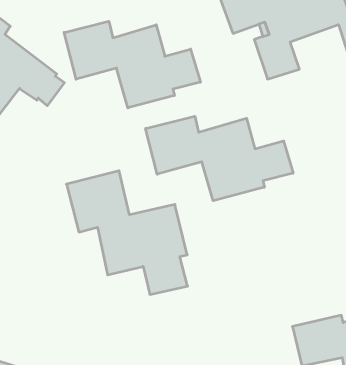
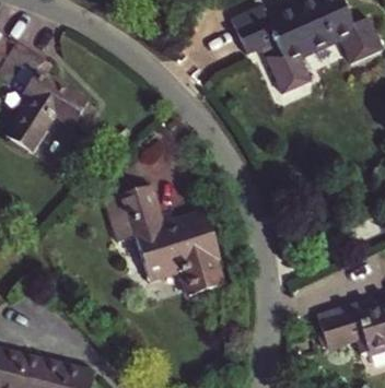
building: [64,21,200,108] -> none
building: [146,116,293,201] -> none

